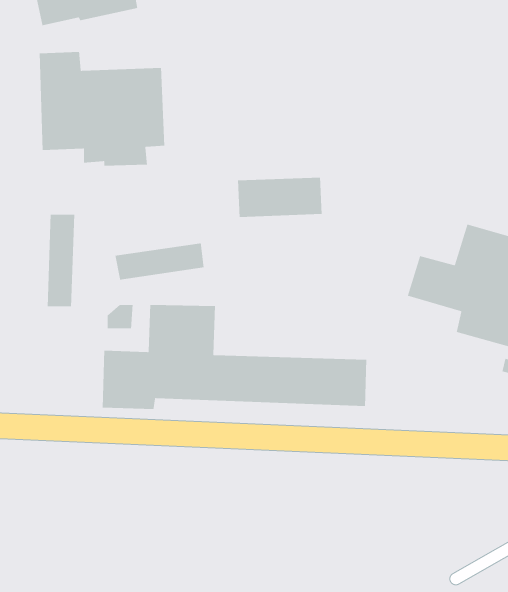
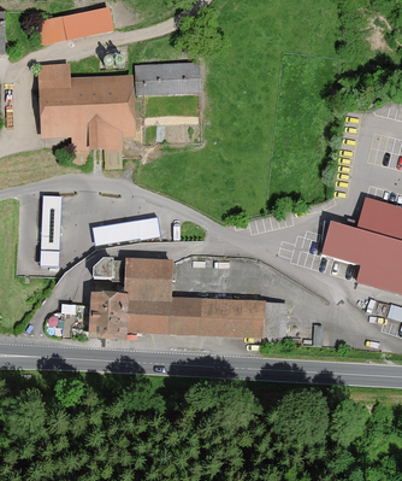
building: [237,177,322,218] -> [135,64,200,95]

